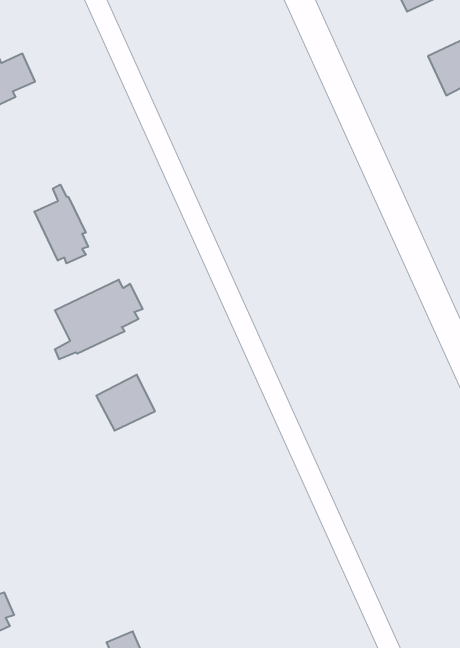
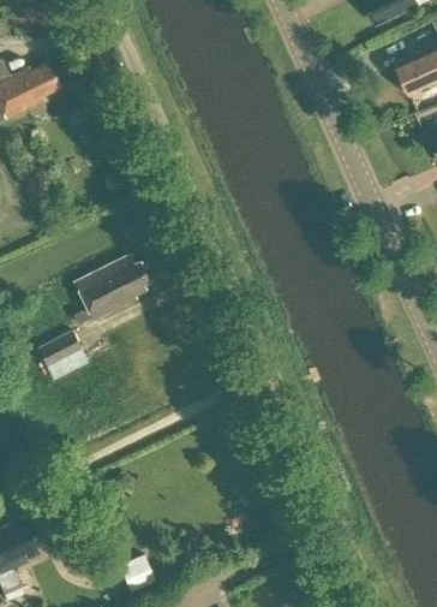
building: [34,185,88,263] -> none
building: [96,375,155,431] -> [37,333,88,381]

